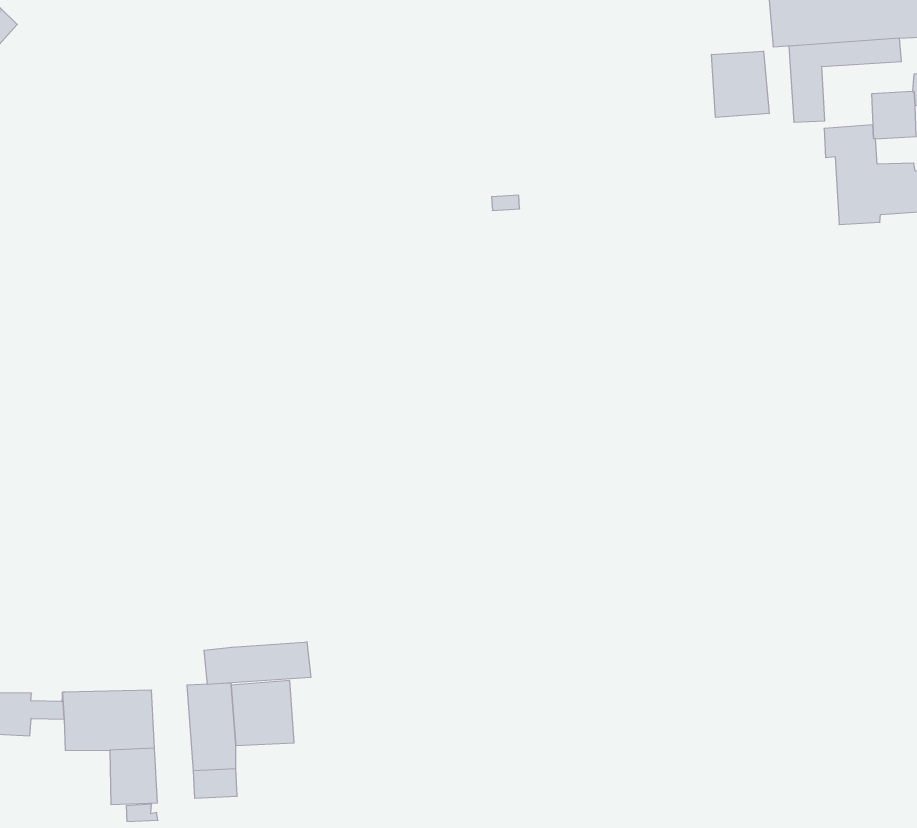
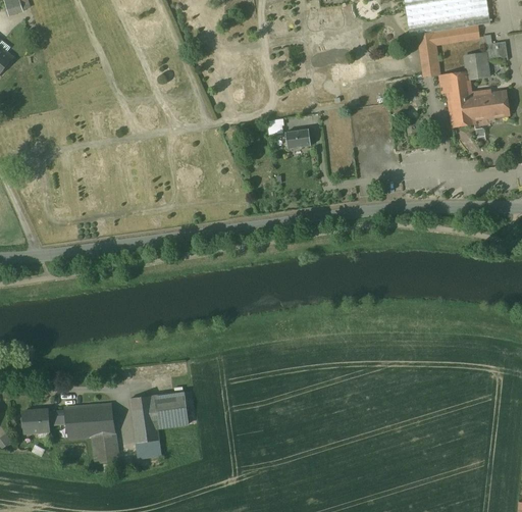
building: [711,51,769,117] -> none
building: none -> [285,129,311,148]
building: [204,642,311,684] -> none

